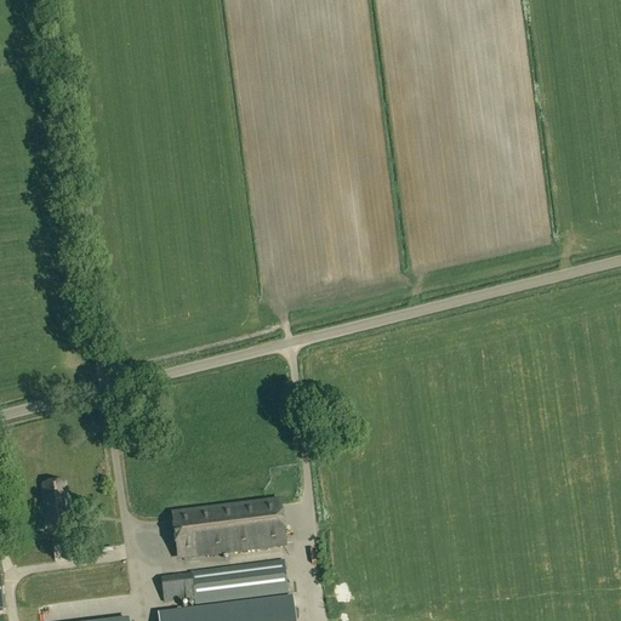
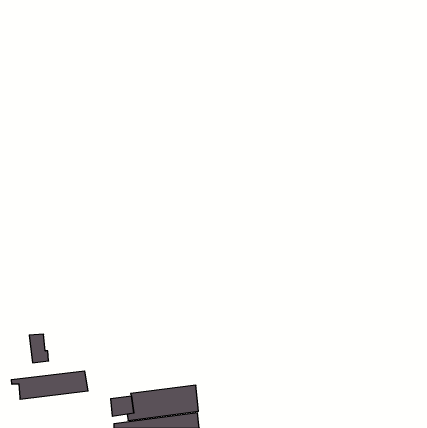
building: [175,502,281,558] -> none
building: none -> [11,371,88,399]

